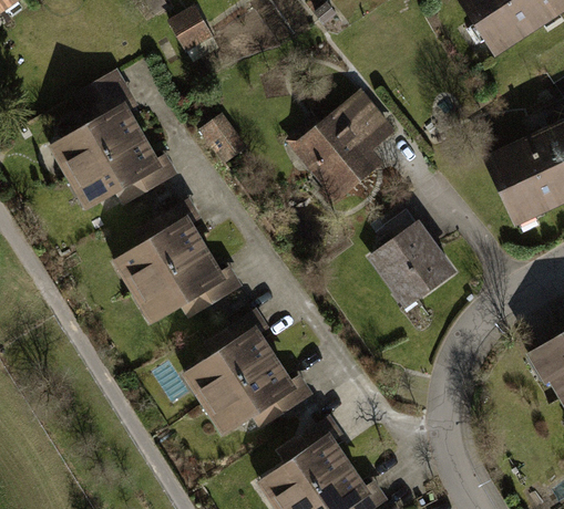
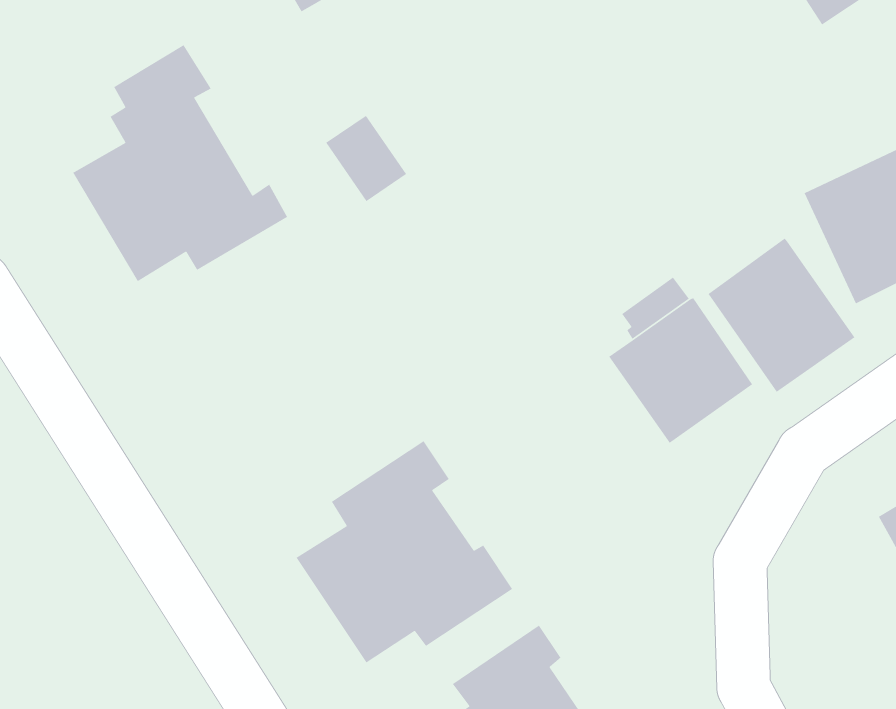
building: [286,90,394,201] -> none
building: none -> [708,237,855,393]
building: [114,198,242,323] -> none

